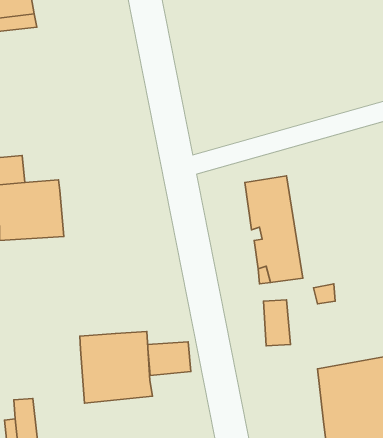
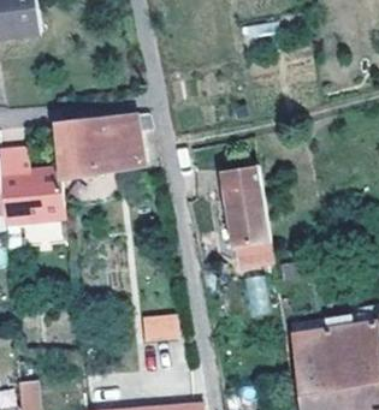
building: none -> [54,113,150,178]
building: [80,331,152,403] -> none

